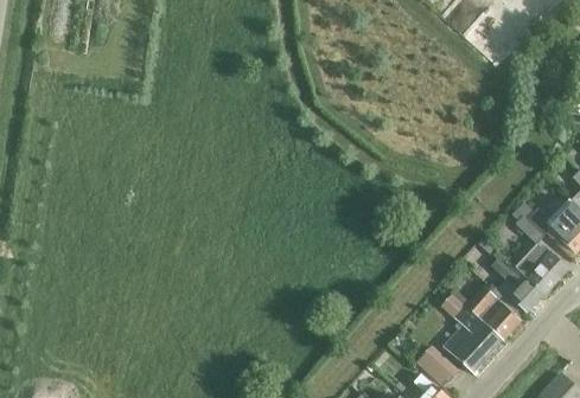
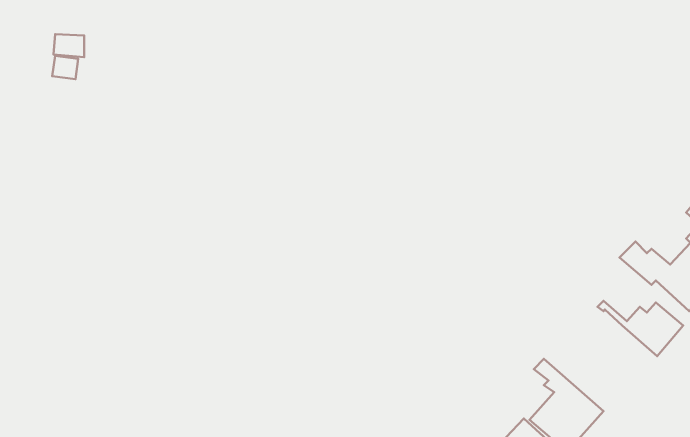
building: [495,256,544,313] -> none
building: [452,285,518,339] -> none

